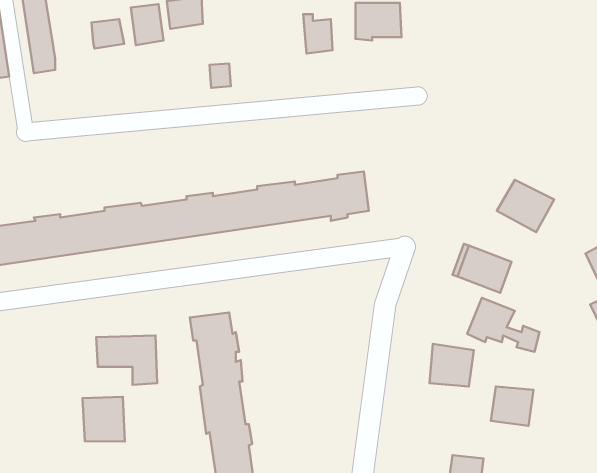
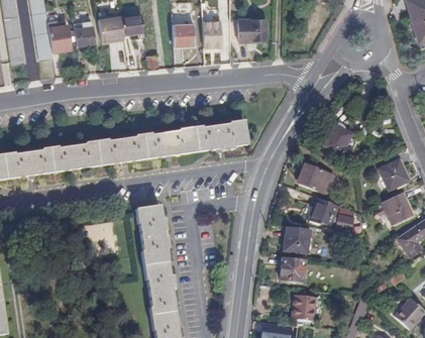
building: none -> [47,19,76,50]
building: none -> [174,21,196,61]
building: [491,386,534,426] -> [280,257,306,281]
building: [82,397,125,442] -> none

